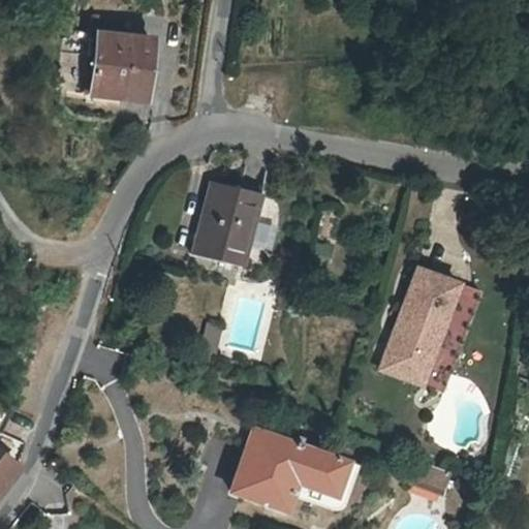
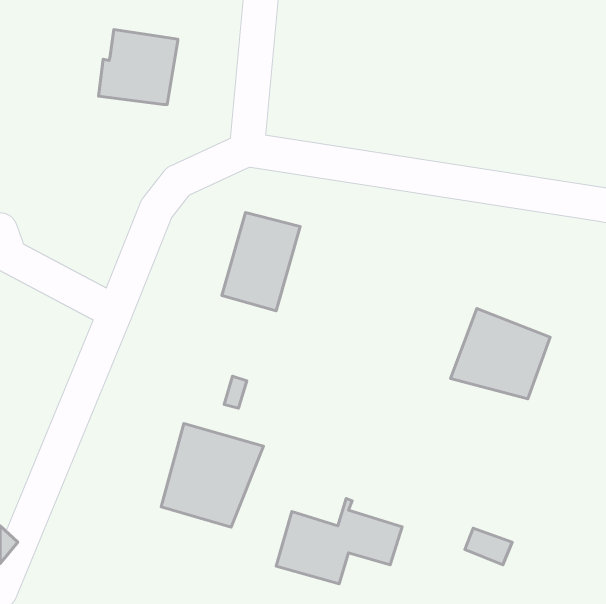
building: [377,330,460,395] -> none
building: none -> [161,424,263,527]
building: [254,432,302,458] -> none

